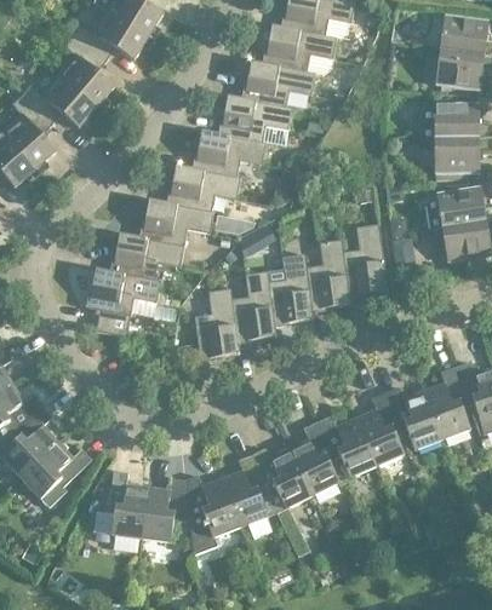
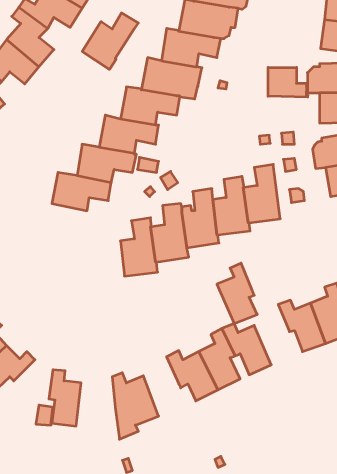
building: none -> [82,13,138,69]
building: none -> [268,67,308,97]
building: [87,267,160,335] -> none
building: [355,392,404,465] -> [217,263,257,323]
building: [222,455,268,526] -> none
building: [141,478,188,542] -> none

